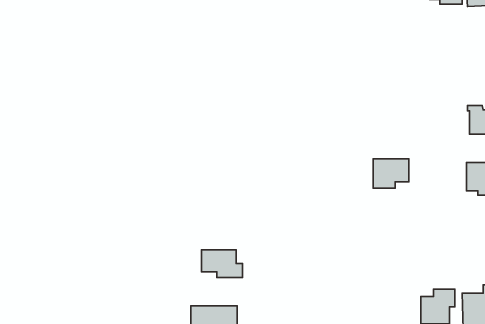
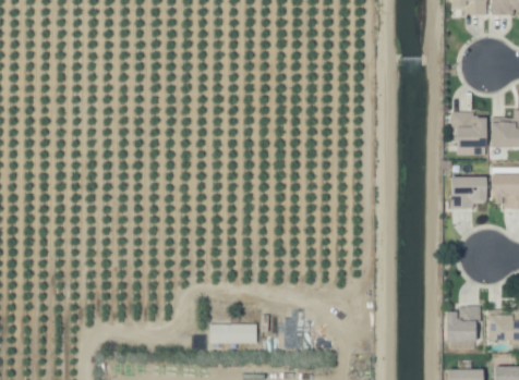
building: none -> [452,110,491,145]
building: [373,159,409,188] -> [450,177,487,208]
building: [202,250,243,278] -> none

